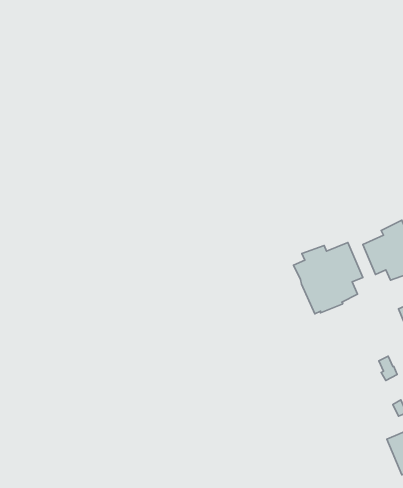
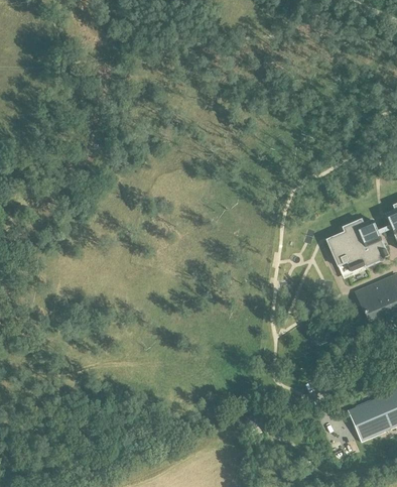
building: [294,242,363,314] -> none

